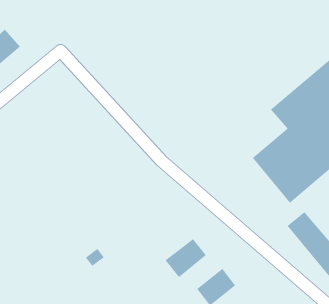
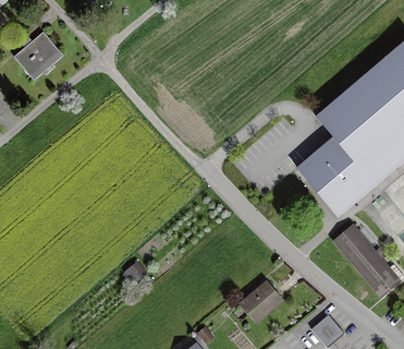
building: [164,238,207,278] -> none

